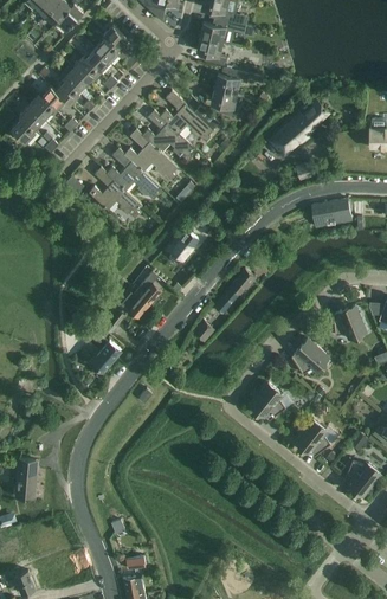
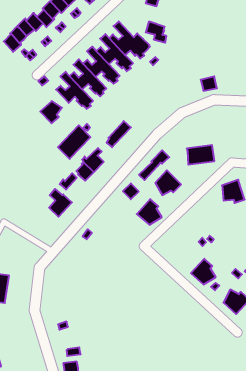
building: [214,69,249,95] -> none
building: [269,102,328,159] -> none
building: [311,199,351,228] -> [187,145,214,165]
building: none -> [40,101,62,123]
building: none -> [58,125,90,159]
building: [291,339,328,374] -> [155,170,181,195]
building: [250,384,285,420] -> [137,199,162,225]

